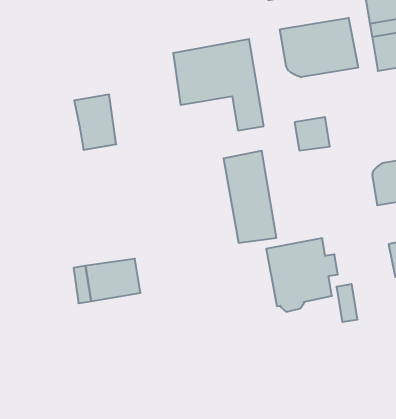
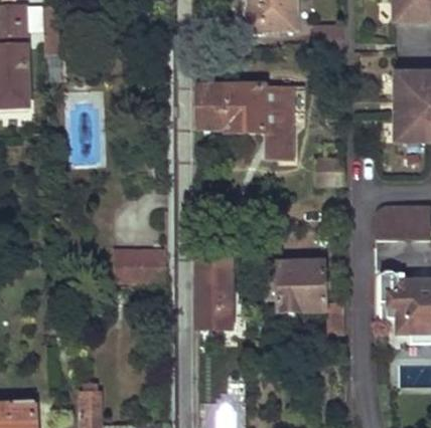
building: [280,18,358,77] -> none
building: [74,95,116,150] -> [196,86,227,129]
building: [223,151,276,243] -> [197,255,231,330]

